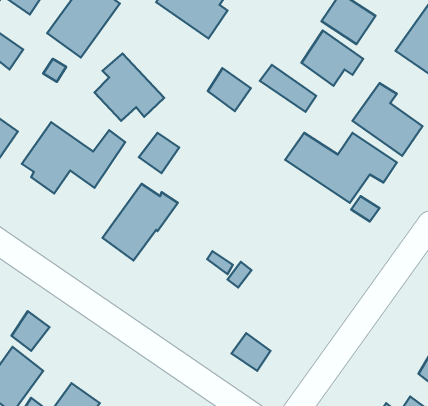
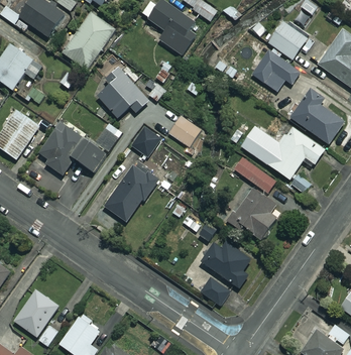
building: [260,65,316,112] -> [233,157,275,193]
building: [208,68,251,111] -> [168,116,201,148]
building: none -> [224,187,275,239]
building: none -> [202,244,249,287]
building: [11,311,49,351] -> none

